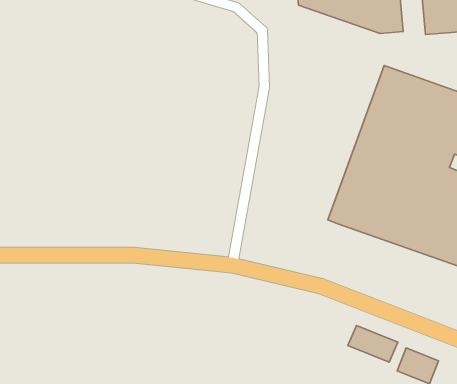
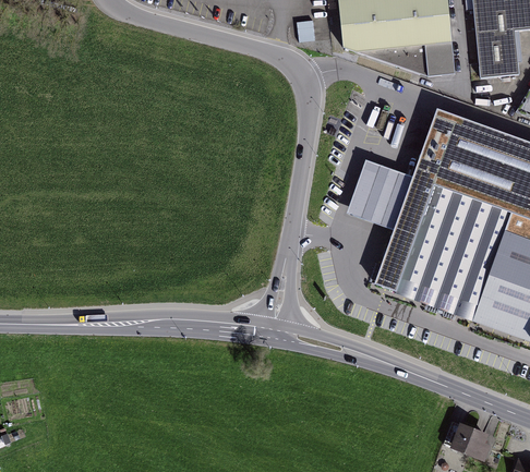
building: none -> [347,155,414,227]
building: [348,326,398,362] -> none

